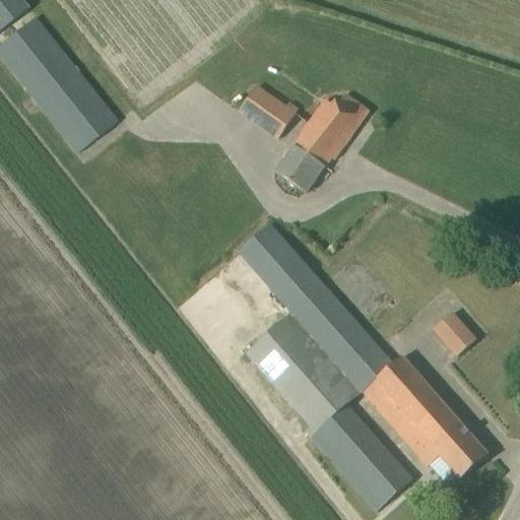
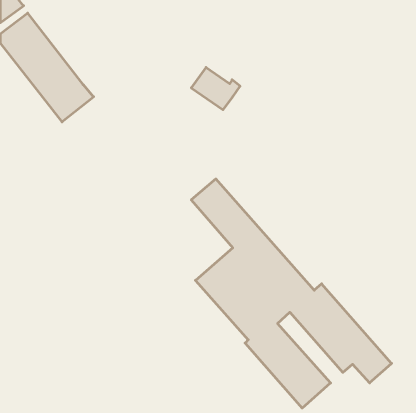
building: [276,91,369,192] -> none
building: [433,310,477,354] -> none

